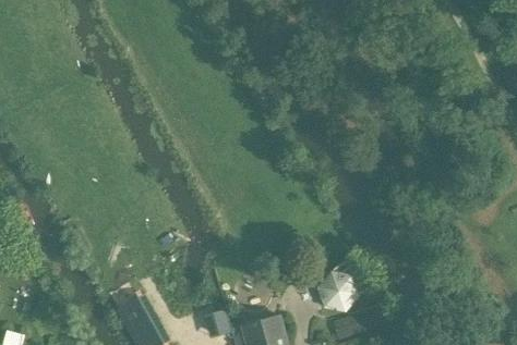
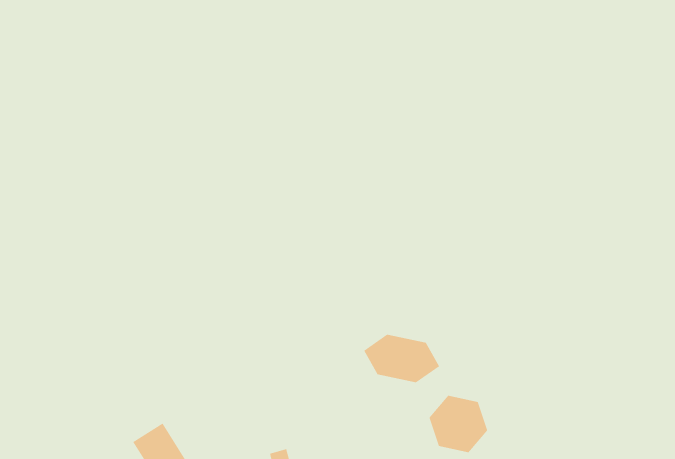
building: none -> [363,334,440,383]

